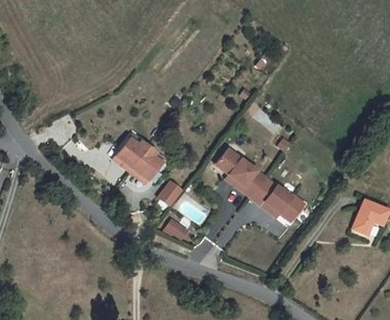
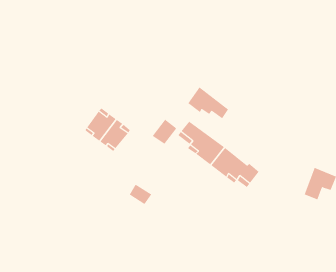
building: none -> [187,86,229,119]
building: [154,179,182,207] -> [152,119,177,144]

